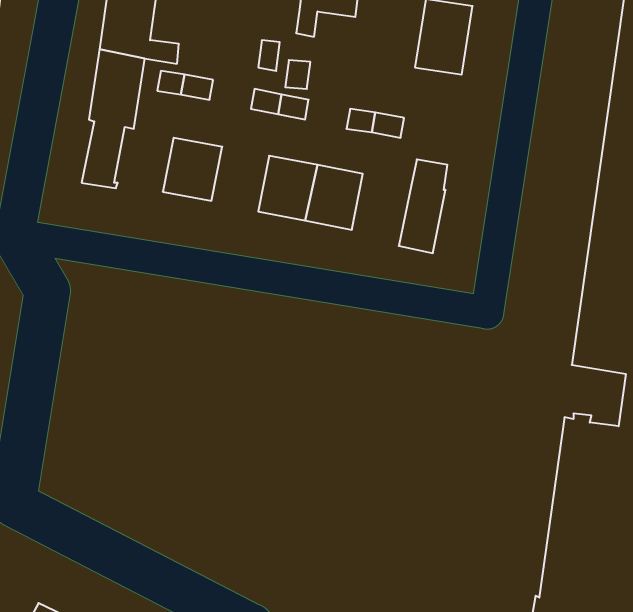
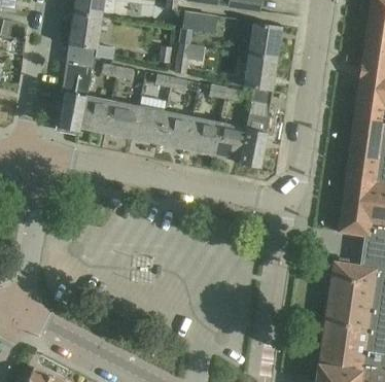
building: none -> [244,62,275,91]
building: none -> [76,96,110,133]
building: none -> [132,107,165,144]
building: none -> [212,123,246,160]

